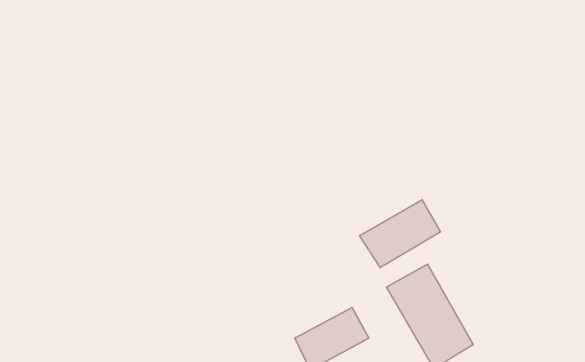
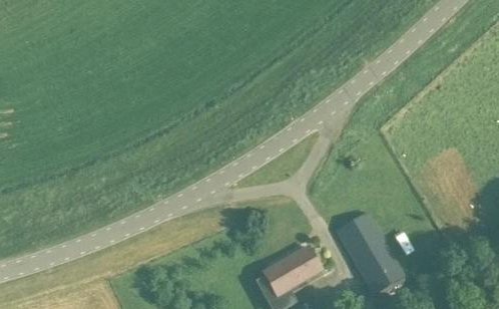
building: [360,200,441,267] -> none

